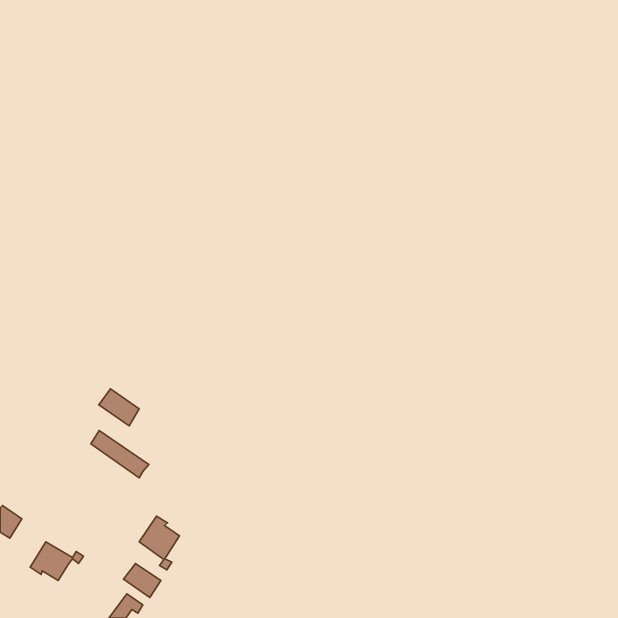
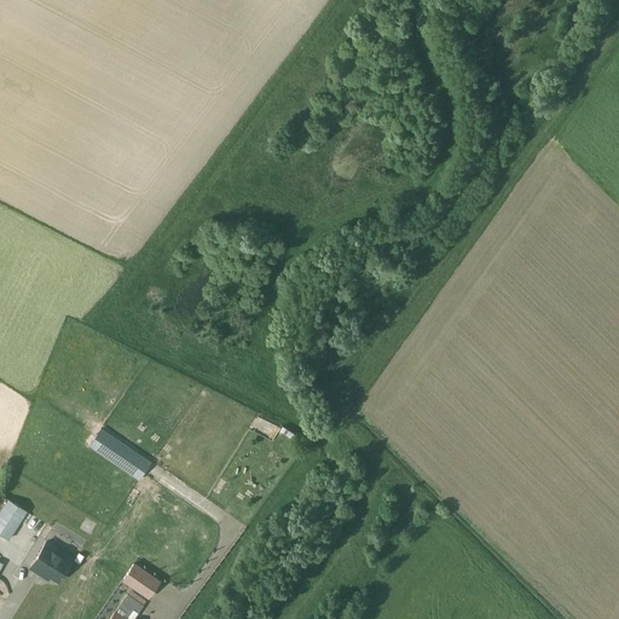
building: [99,389,139,426] -> none
building: [139,516,180,570] -> none

